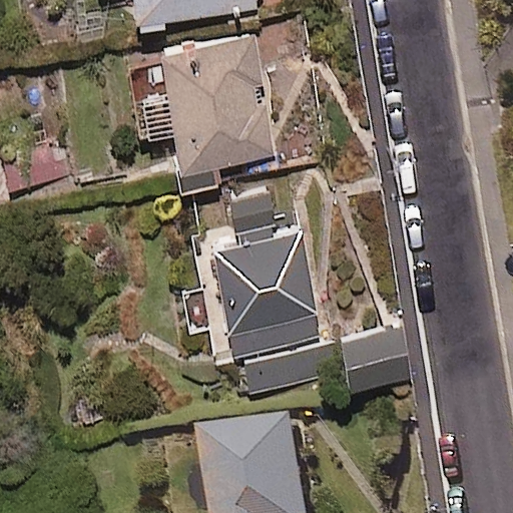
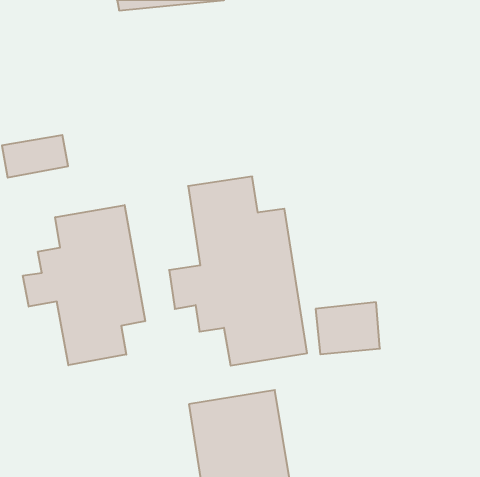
building: [127,34,272,186] -> none
building: none -> [23,205,145,365]

